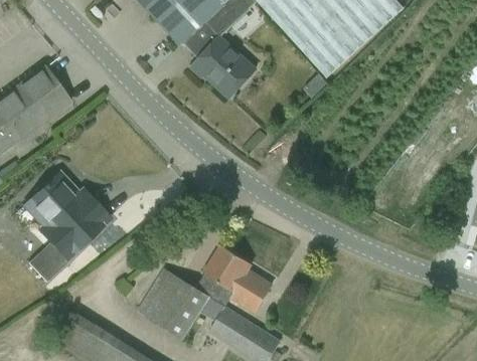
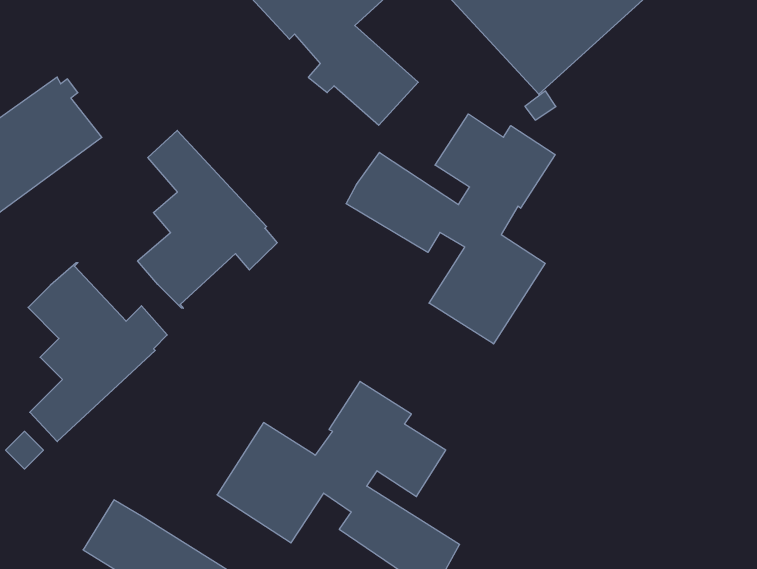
building: none -> [346,114,555,344]
building: none -> [138,130,277,308]

